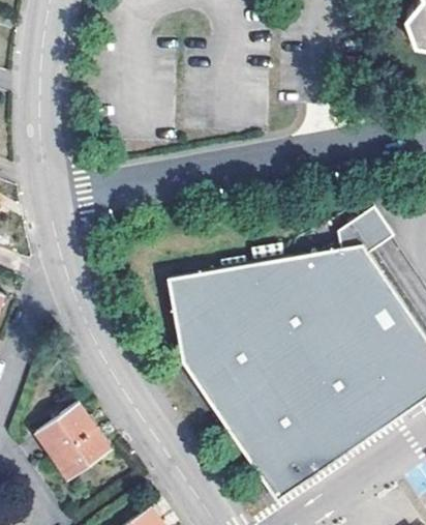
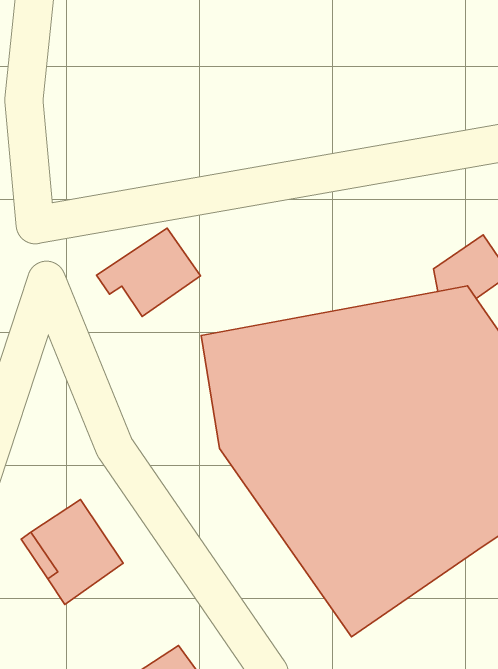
building: none -> [96,228,200,316]

